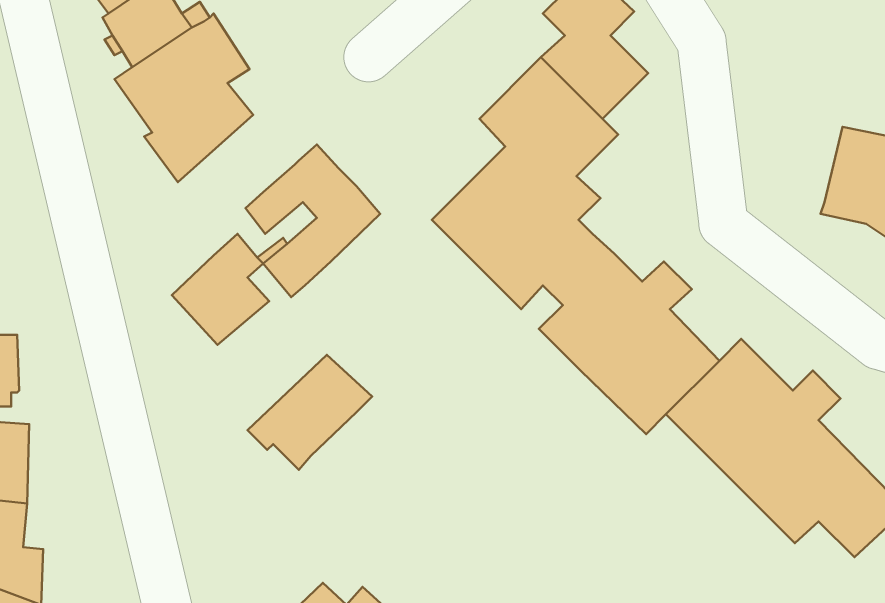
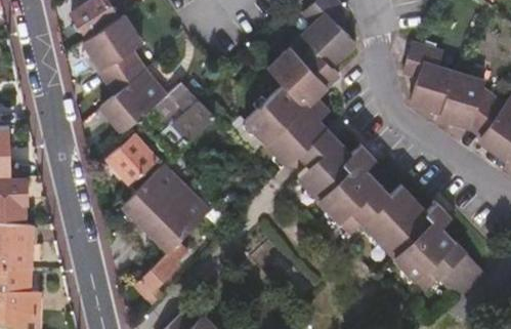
building: none -> [398,42,453,112]
building: none -> [95,67,170,136]
building: none -> [124,167,186,230]
building: none -> [134,243,188,305]

